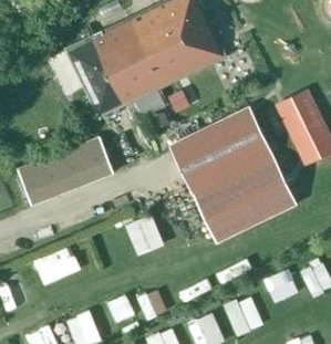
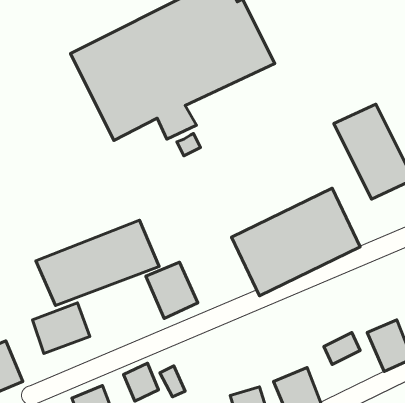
building: [168,107,272,195] -> none
building: [18,137,115,205] -> [36,220,159,306]

